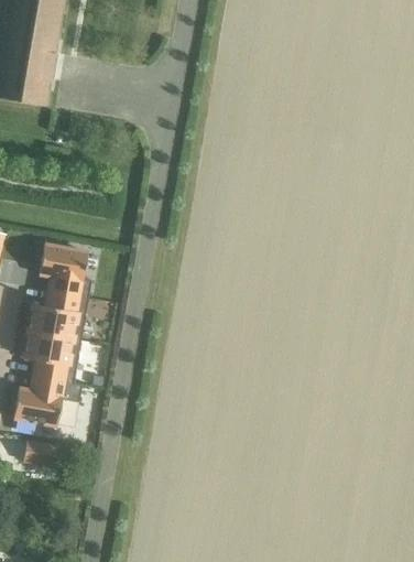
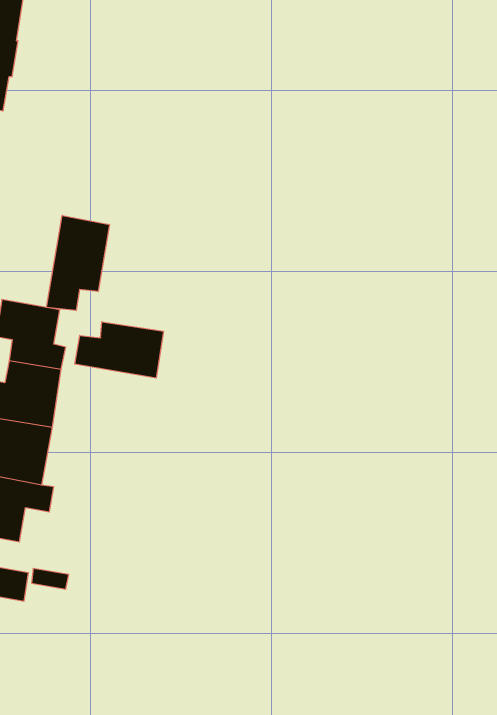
building: none -> [46,215,109,311]
building: none -> [75,322,163,378]

